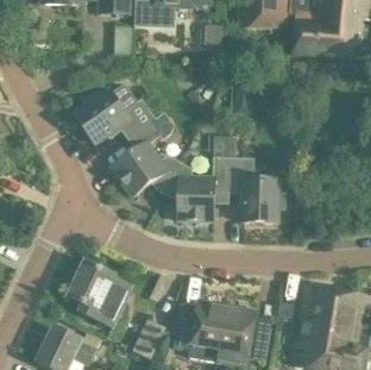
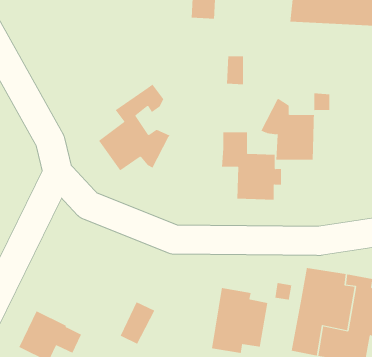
building: [74,89,155,143] -> none
building: [163,157,228,220] -> [260,93,330,160]
building: [68,261,131,326] -> none
building: [172,300,227,363] -> none

